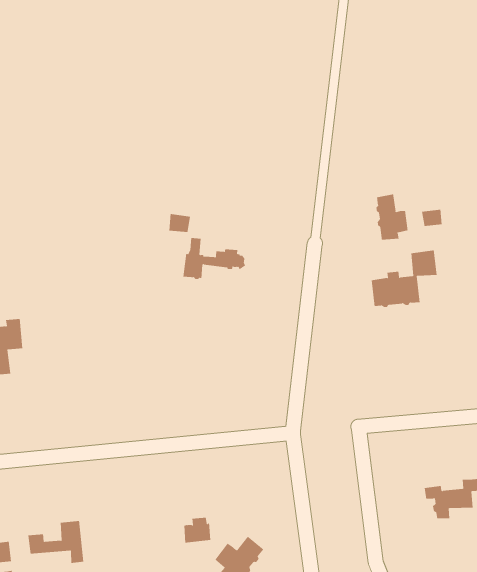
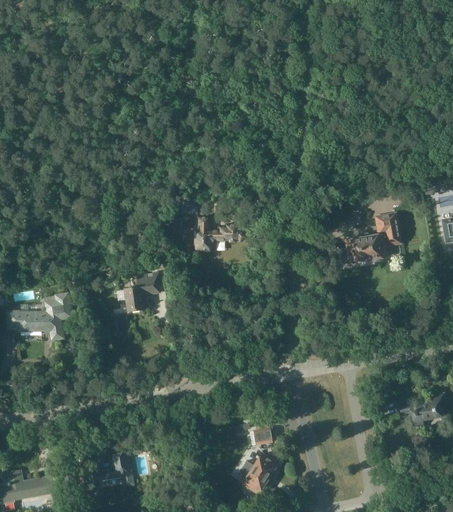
building: [376,194,408,241] -> none
building: none -> [125,273,162,312]
building: [183,517,211,543] -> [250,424,273,446]

